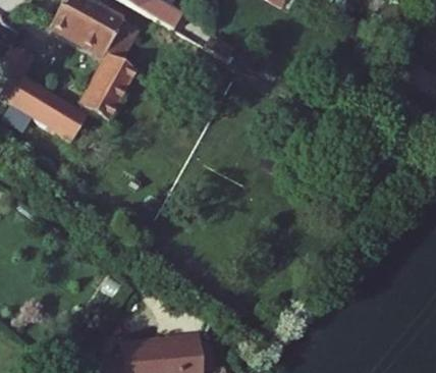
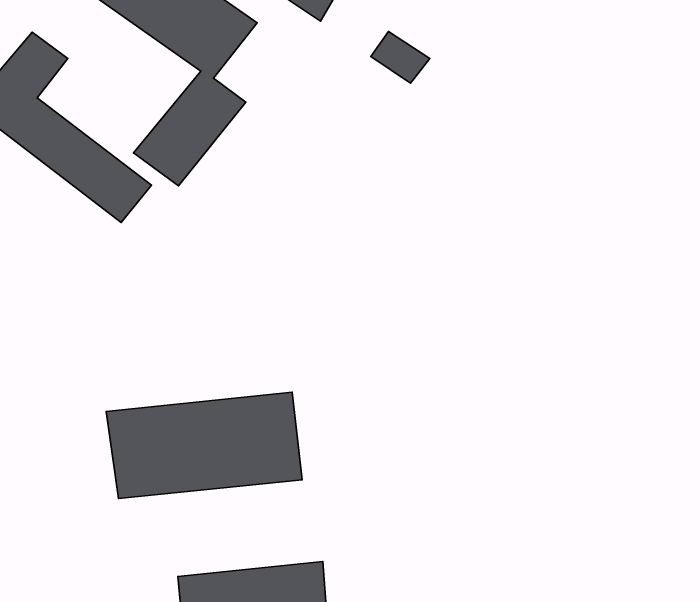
building: none -> [106,392,302,498]

